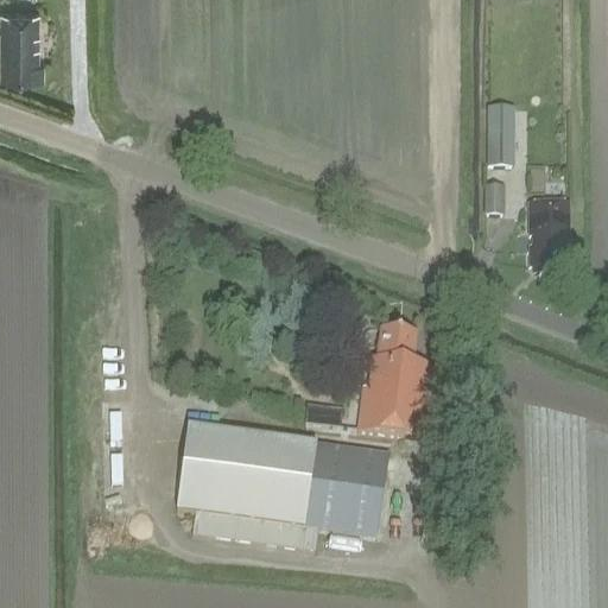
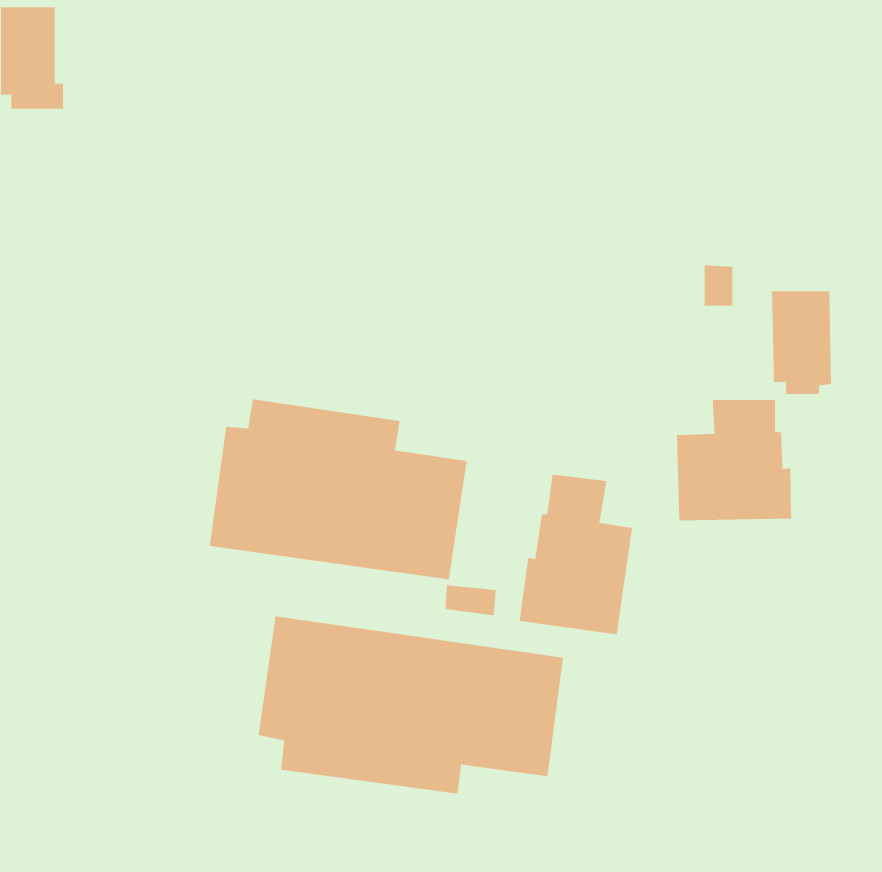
building: [484,101,512,160] -> none
building: none -> [209,398,467,580]
building: none -> [677,399,791,521]

